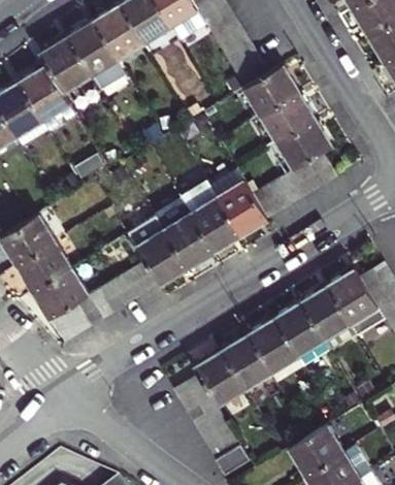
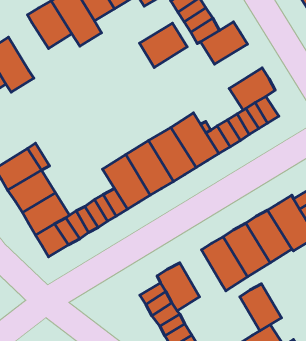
building: [15,64,68,121] -> none
building: [260,90,317,142] -> [139,23,187,68]
building: [219,334,268,390] -> [240,284,281,331]

